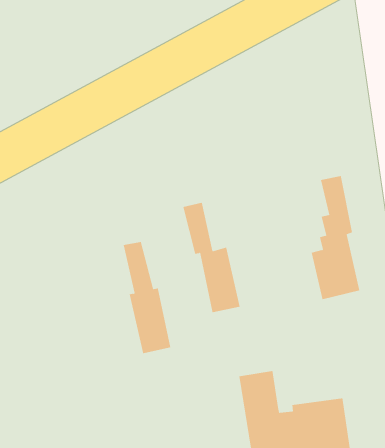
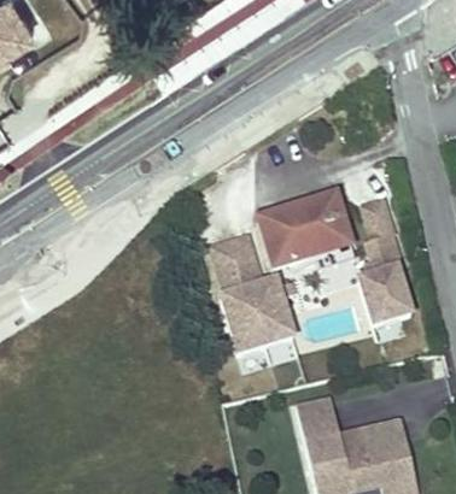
building: none -> [258,192,349,265]
building: [123,241,171,354] -> [211,241,267,352]

